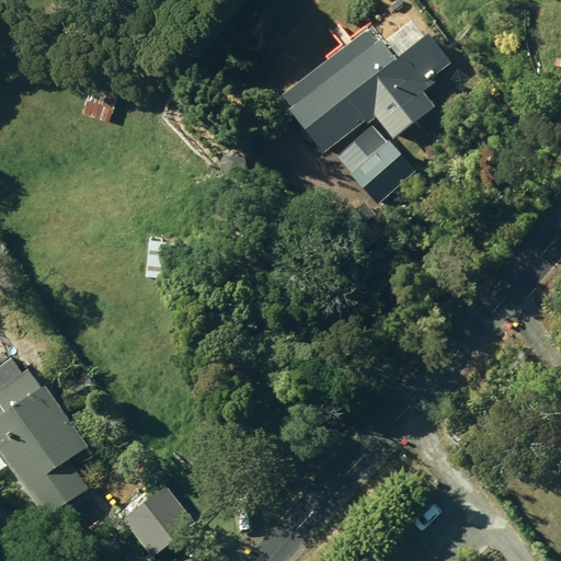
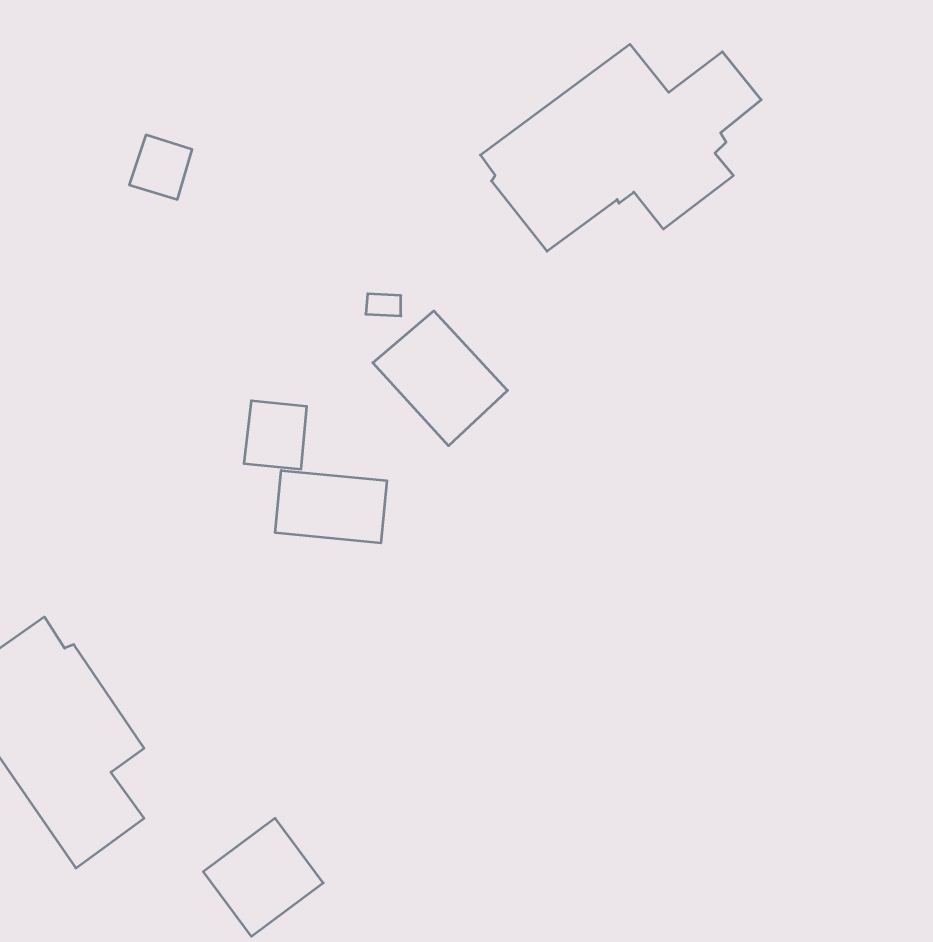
building: [335,124,415,204] -> [373,311,508,446]
building: none -> [275,470,387,543]

